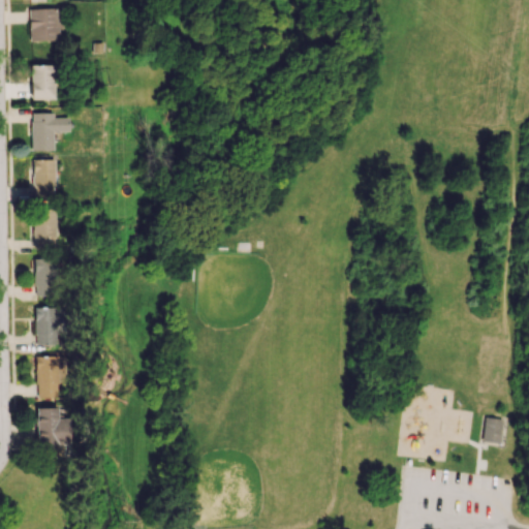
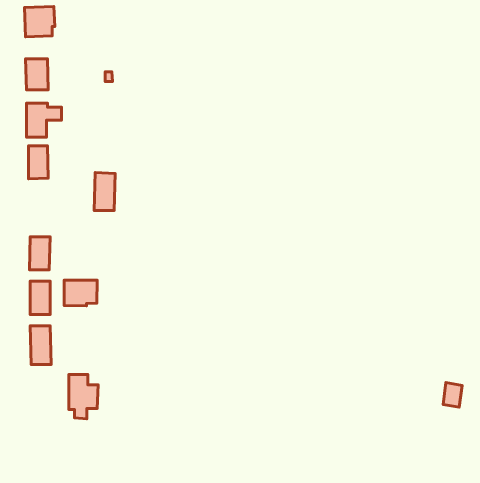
building: [35,209,58,250] -> [94,173,115,210]
building: none -> [64,280,97,306]
building: [38,408,70,457] -> [69,374,98,419]

